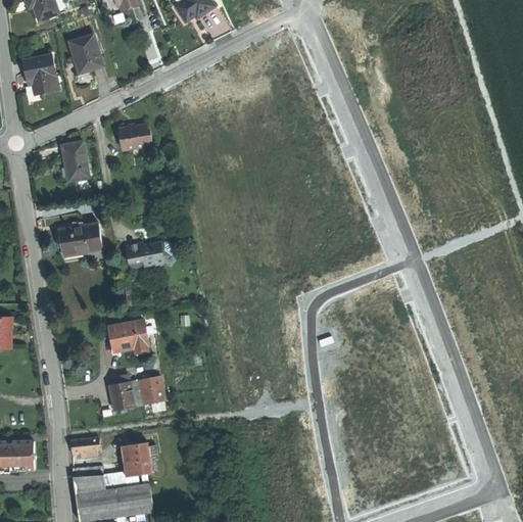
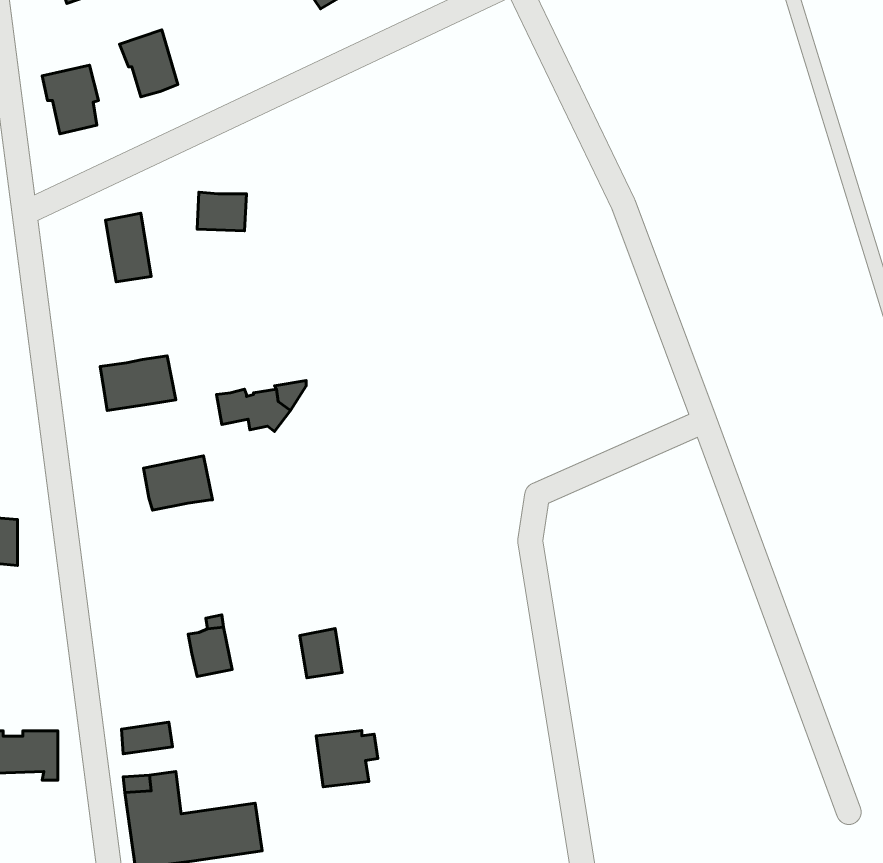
building: [108,320,148,351] -> [144,456,212,510]
building: [140,373,164,401] -> [300,628,342,678]
building: [121,443,156,476] -> [316,730,378,787]

